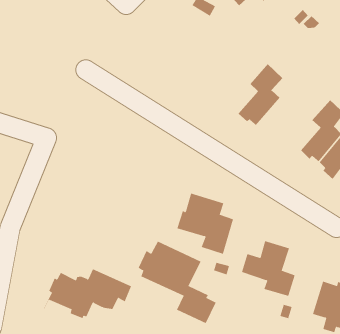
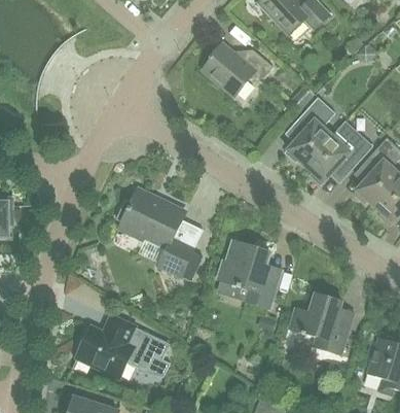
building: none -> [202,42,274,96]
building: none -> [305,122,372,184]
building: [138,241,216,324] -> [116,188,203,280]

